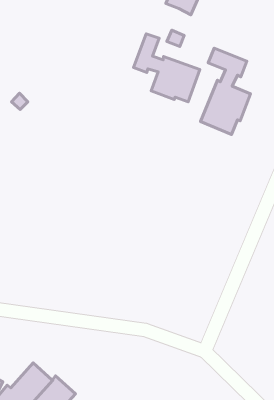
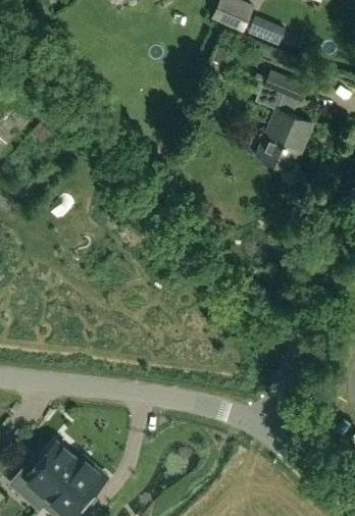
building: none -> [247,16,285,45]
building: [133,34,200,102] -> none

